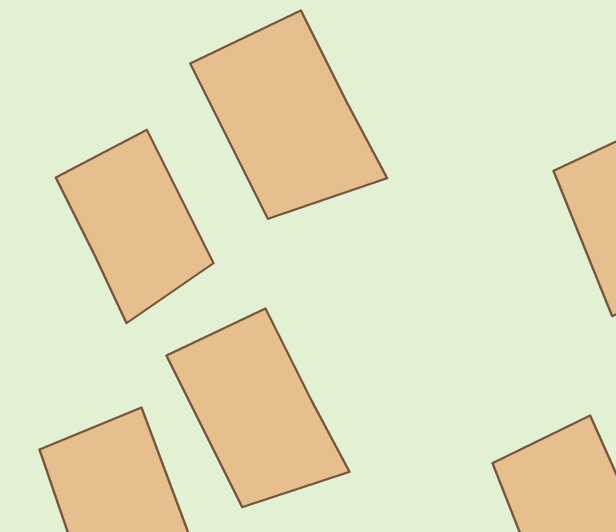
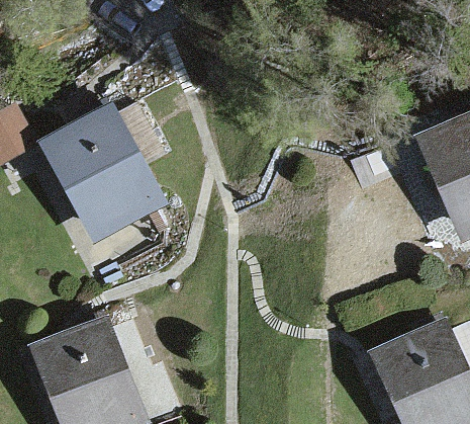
building: [190,11,387,219] -> none
building: [167,308,349,507] -> none

